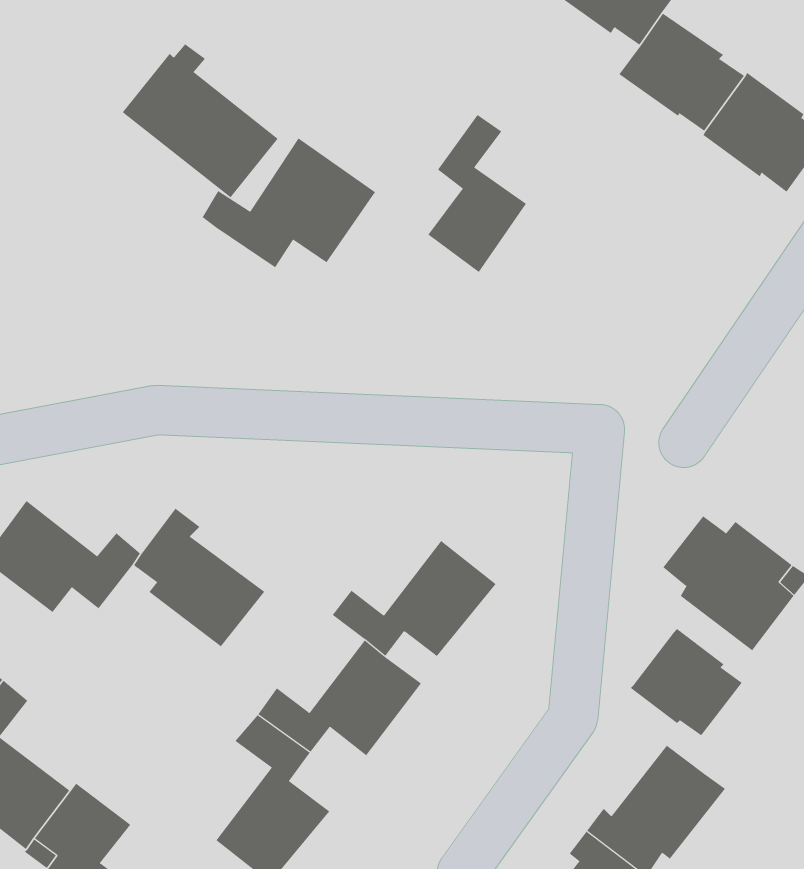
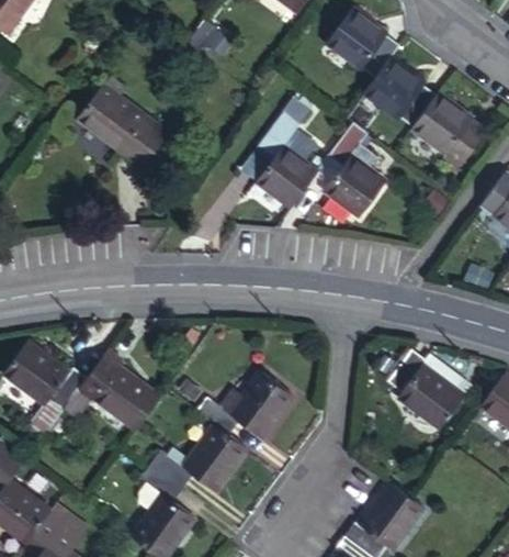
building: none -> [324,123,378,212]
building: [202,138,376,268] -> none
building: [630,628,743,736] -> none

